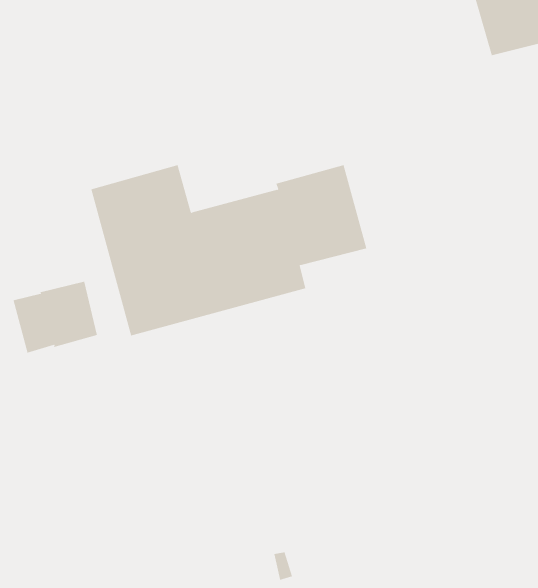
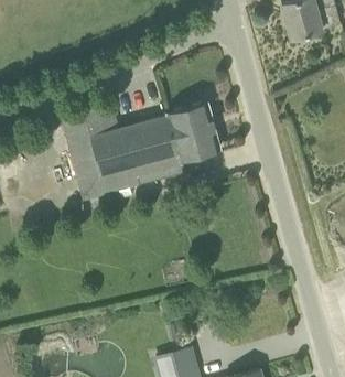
building: [13,281,98,353] -> none

